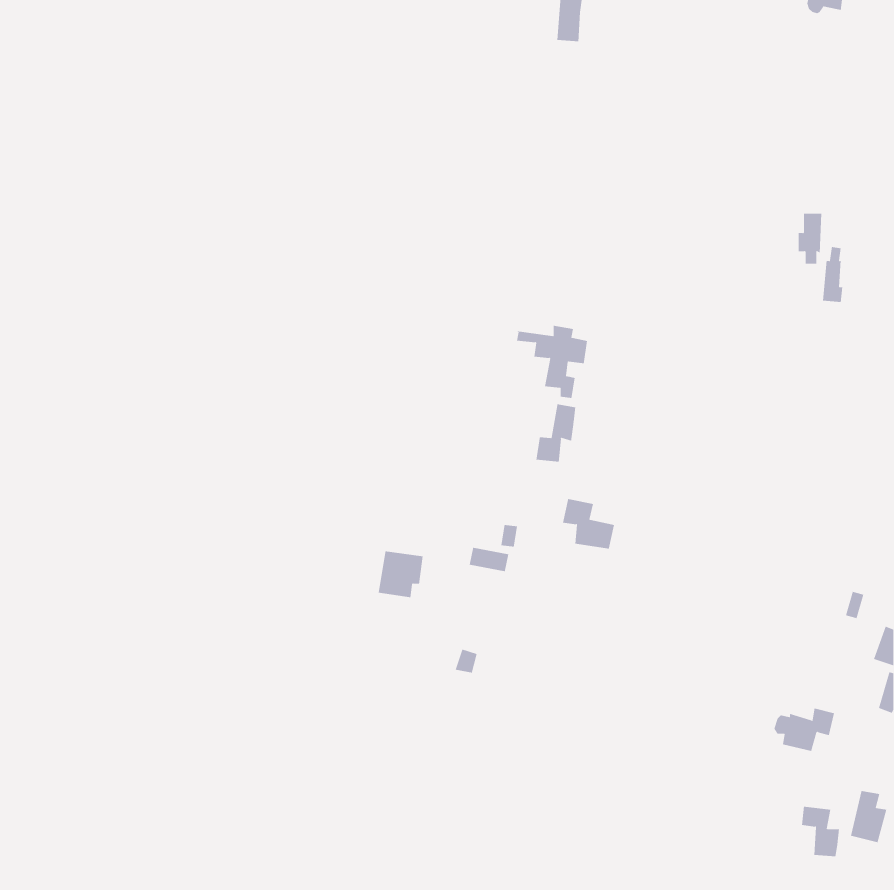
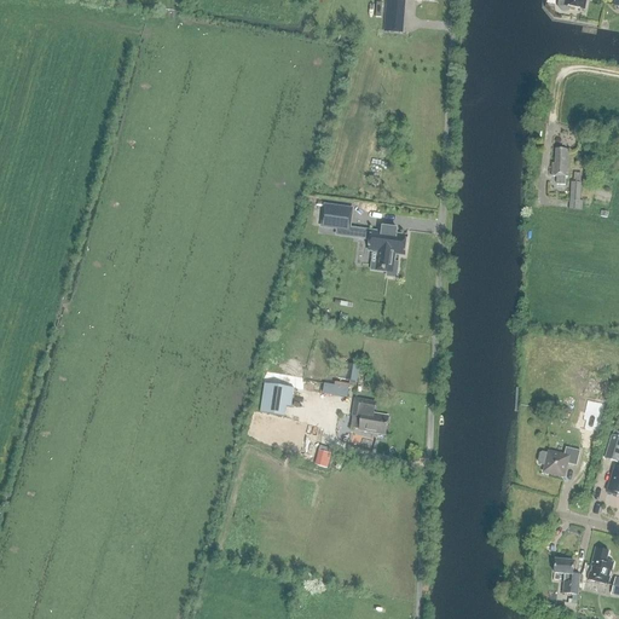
building: none -> [322,203,352,228]
building: [536,403,576,463] -> none
building: [562,498,615,549] -> [352,397,388,432]
building: [773,708,835,752] -> [537,445,579,475]

